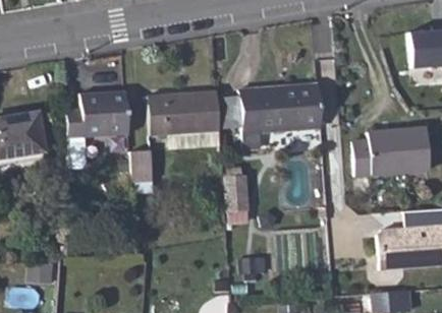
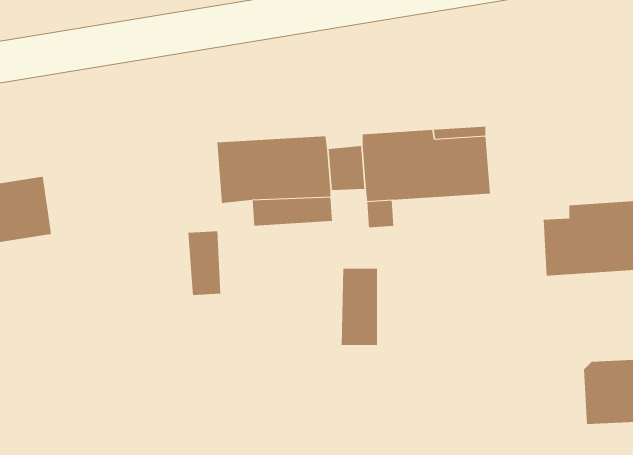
building: [66,89,129,165] -> none

